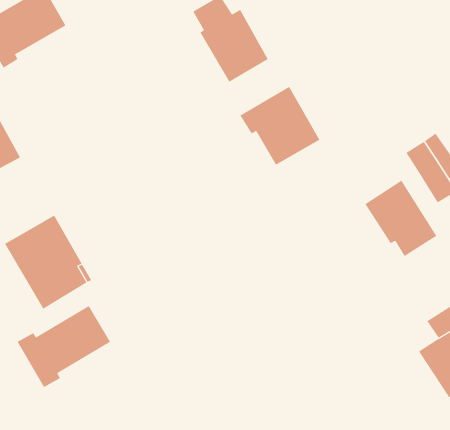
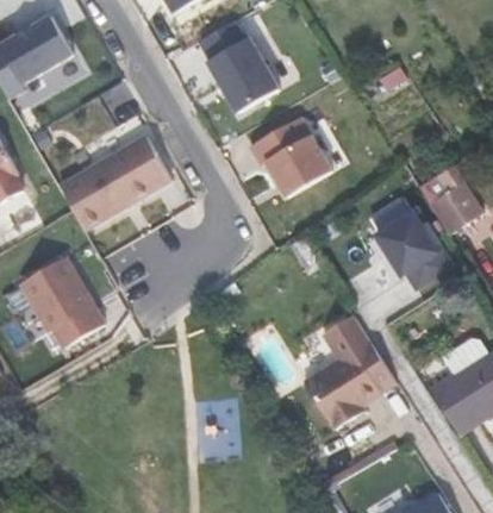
building: none -> [58,134,170,229]
building: none -> [304,313,397,427]
building: [17,305,111,388] -> none

